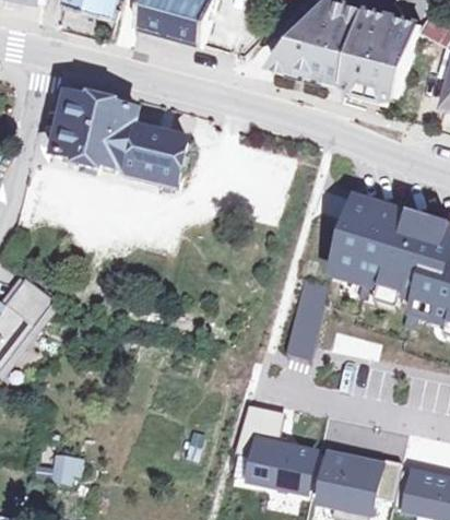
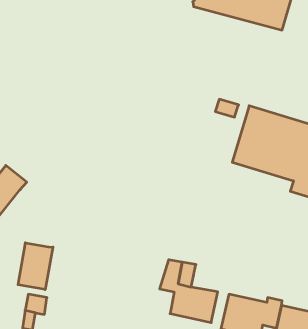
building: [52,96,188,185] -> none
building: [283,279,324,362] -> none
building: none -> [18,243,53,290]

